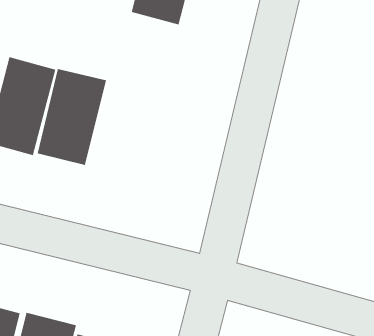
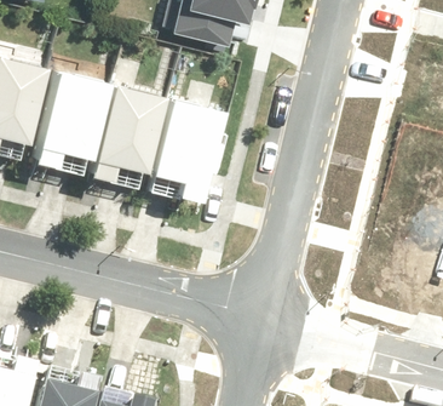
building: none -> [121,95,206,208]

